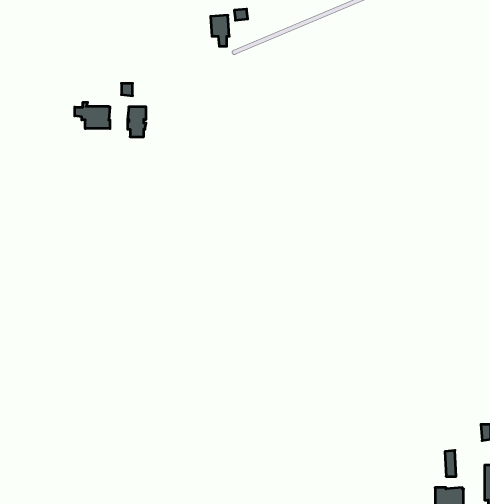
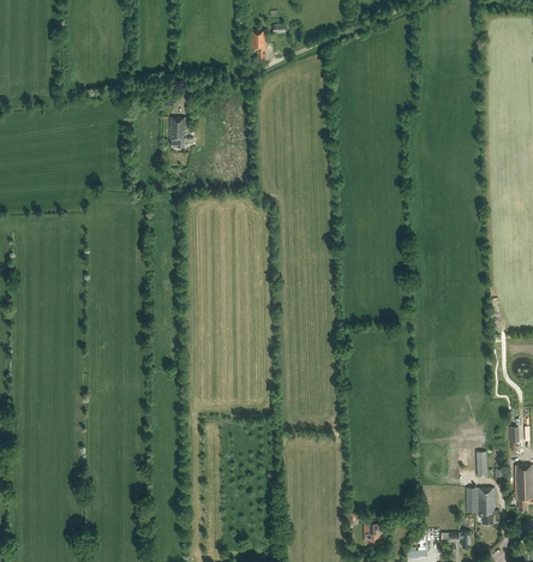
building: [75,102,110,129] -> none

